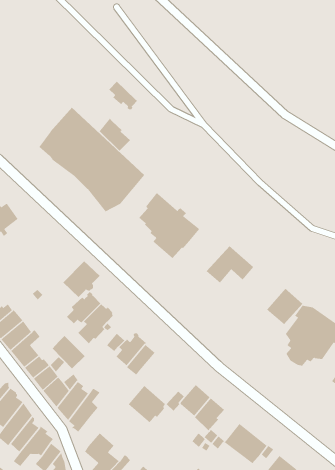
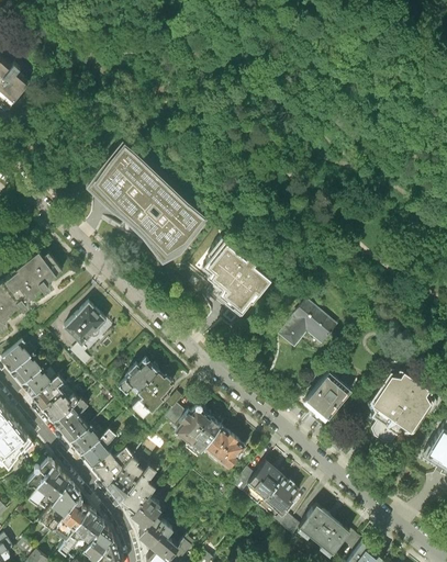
building: [108,81,138,110] -> none
building: [99,118,131,151] -> none
building: [62,261,100,298] -> [63,300,107,342]
building: [266,288,303,325] -> [303,379,346,422]
building: [52,335,85,369] -> none
building: [128,385,166,423] -> [203,424,247,468]
building: none -> [130,496,161,532]

